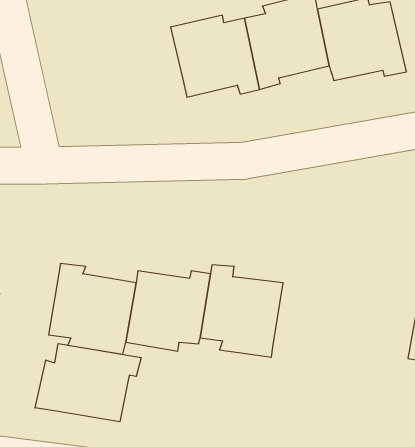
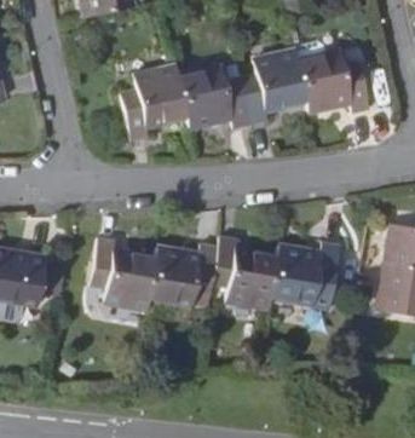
building: none -> [123,47,191,125]
building: none -> [264,259,334,329]
building: [35,344,141,422] -> none

